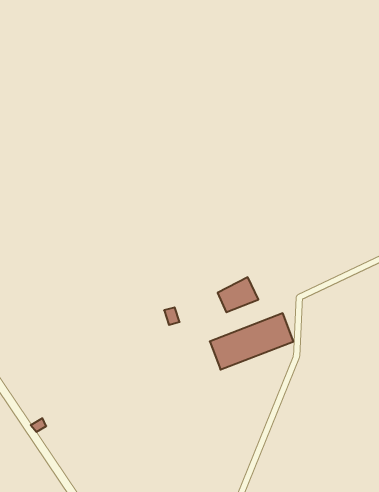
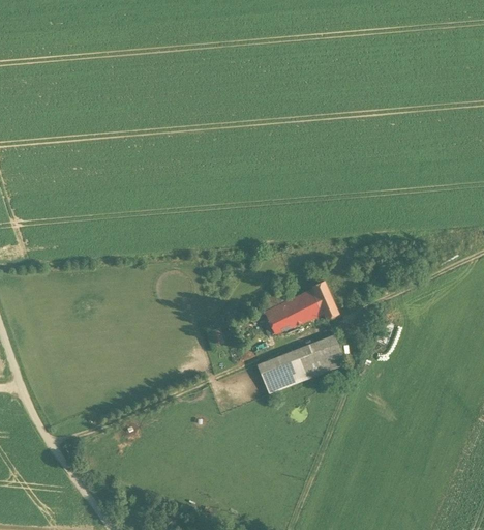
building: none -> [298,281,340,319]

